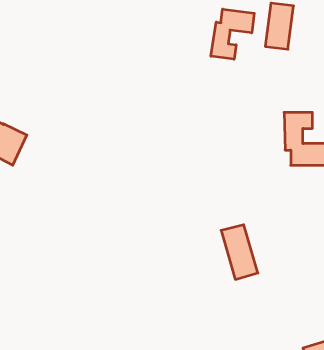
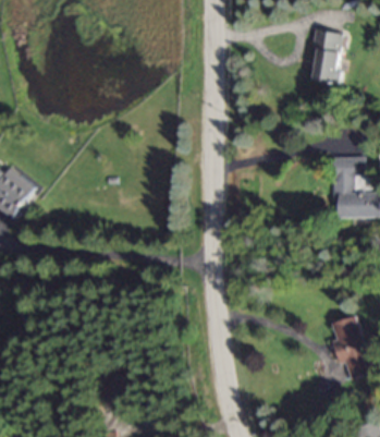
building: [211,9,254,59] -> none
building: [221,225,258,279] -> [329,317,371,380]

